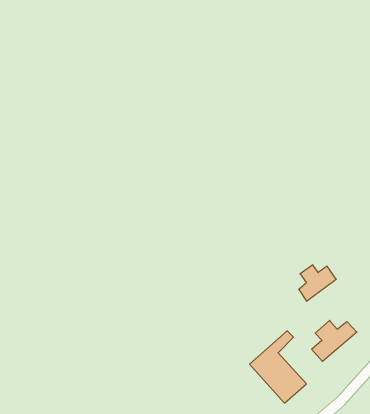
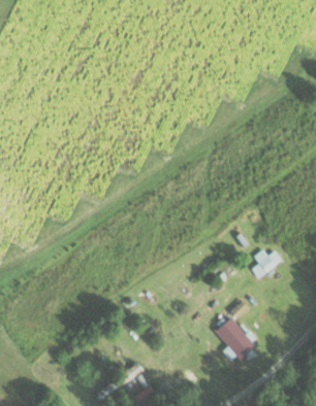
building: [312,320,357,361] -> none

